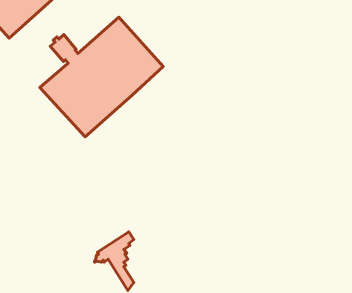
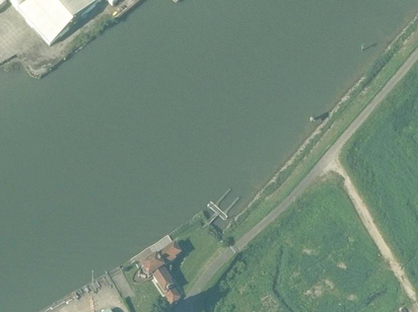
building: [40,17,163,137] -> none

